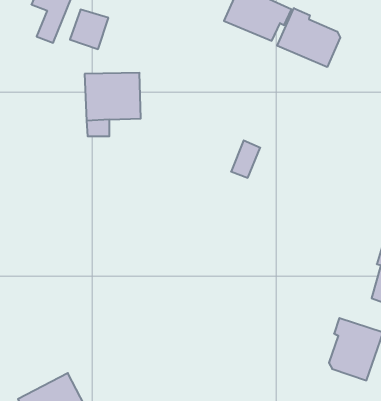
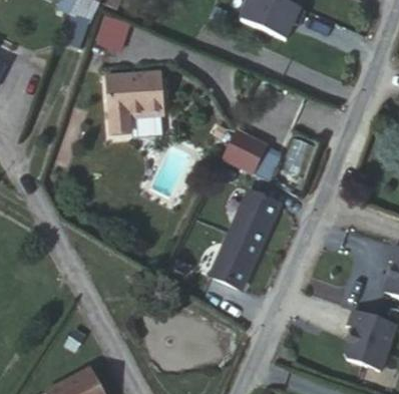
building: [277,8,340,67] -> none
building: none -> [218,126,261,168]
building: none -> [211,191,277,288]

